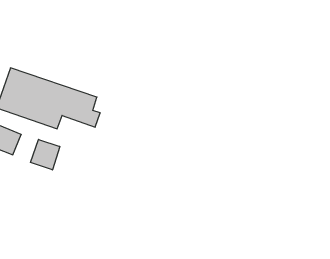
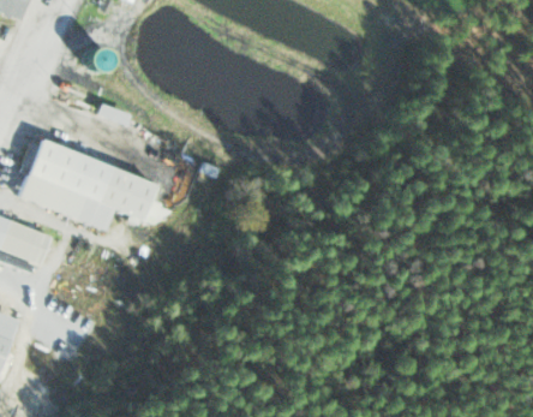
building: [31,139,60,170] -> none

